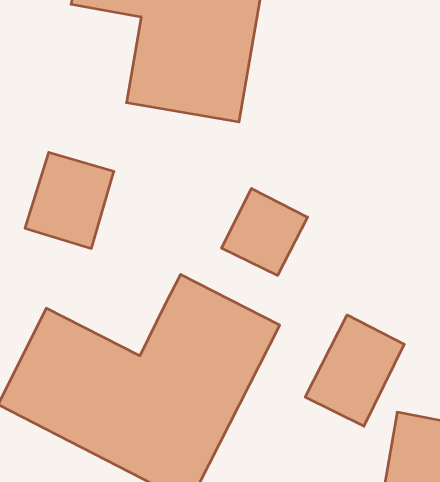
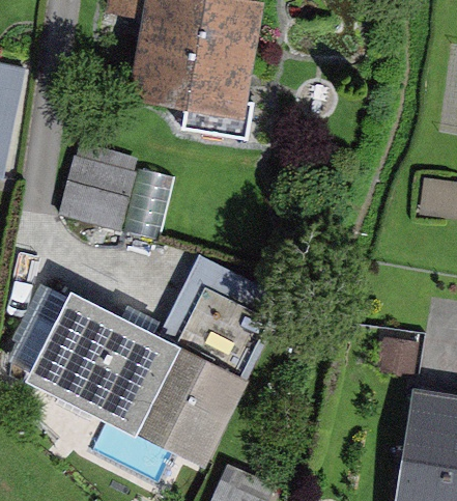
building: [222,188,308,275] -> none
building: [305,315,404,426] -> none

